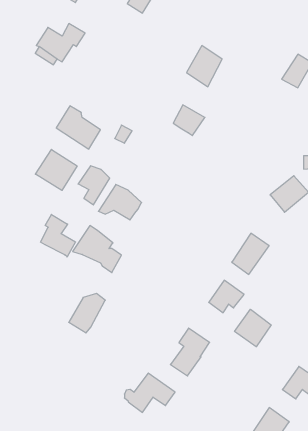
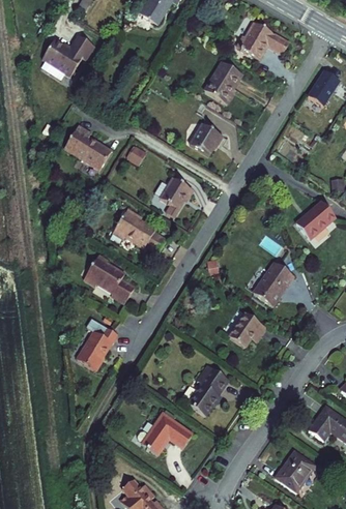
building: none -> [236,22,289,60]
building: [35,149,77,190] -> none
building: [78,166,110,205] -> [158,177,193,219]
building: [41,214,76,257] -> none
building: [235,309,271,347] -> none

